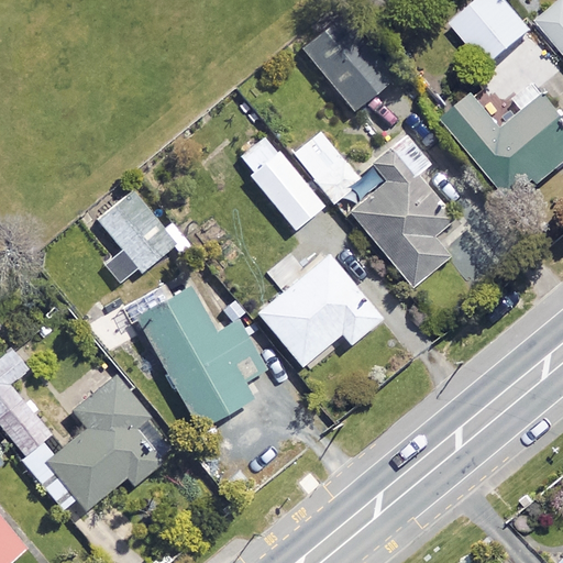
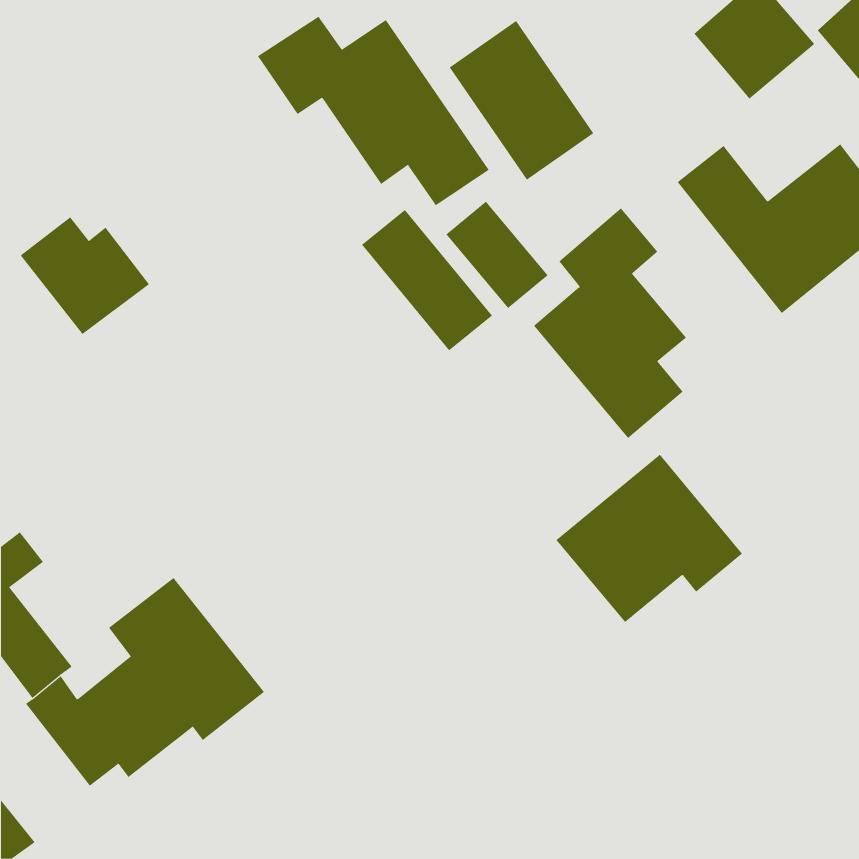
building: none -> [257,16,490,206]
building: [100,194,185,271] -> [20,217,150,335]
building: [258,254,380,364] -> [556,454,743,623]
building: [137,288,266,428] -> none

